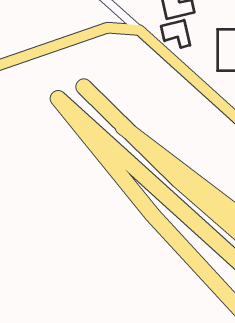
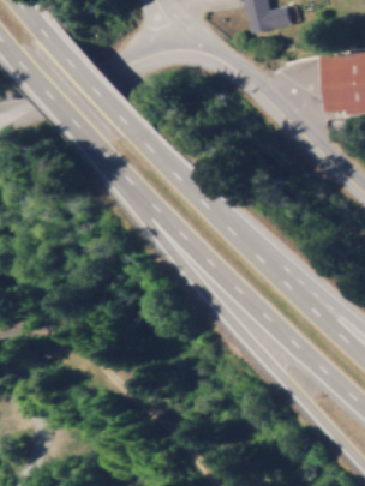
building: [161,20,190,48] -> none

